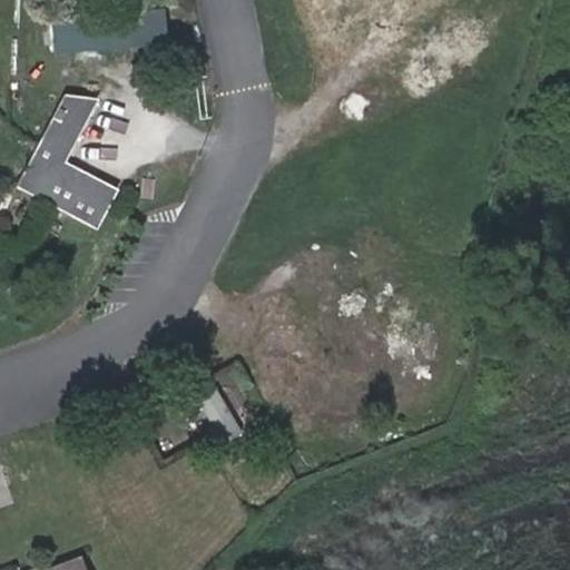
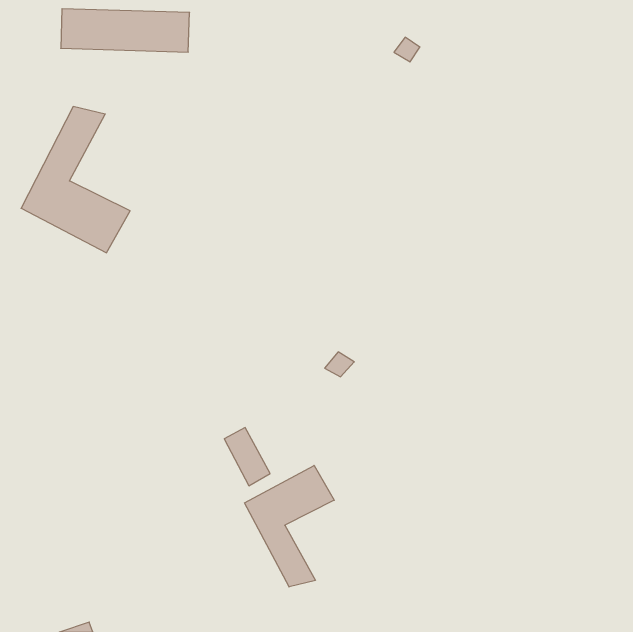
building: none -> [245,465,334,587]

